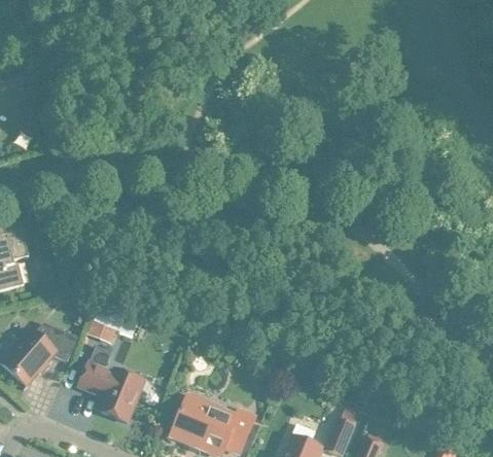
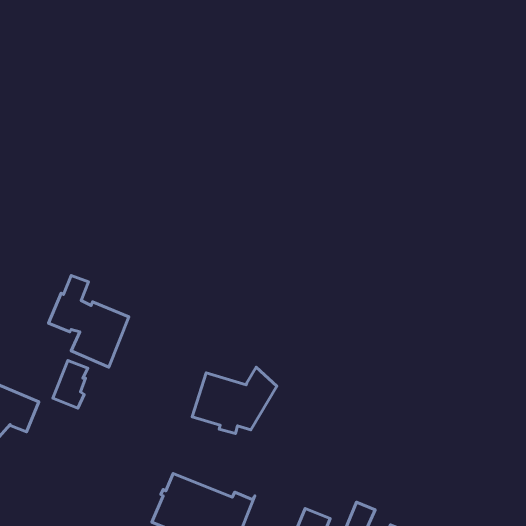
building: none -> [192,367,277,434]
building: [77,347,143,422] -> [48,276,129,367]

